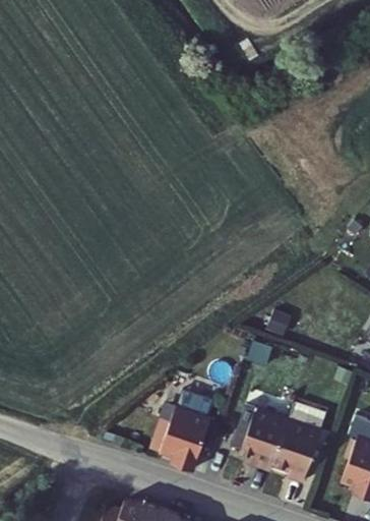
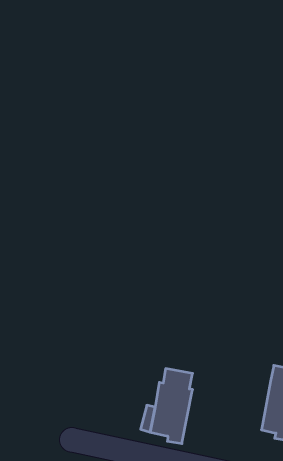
building: [237,408,292,473] -> none

